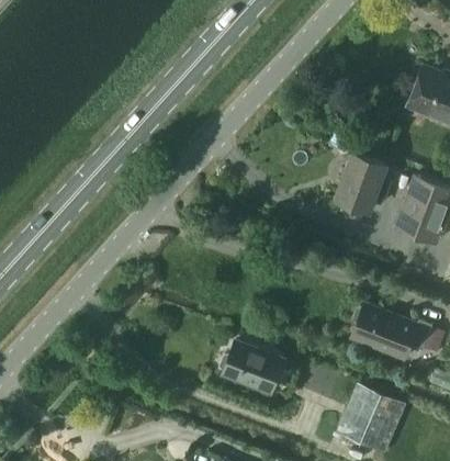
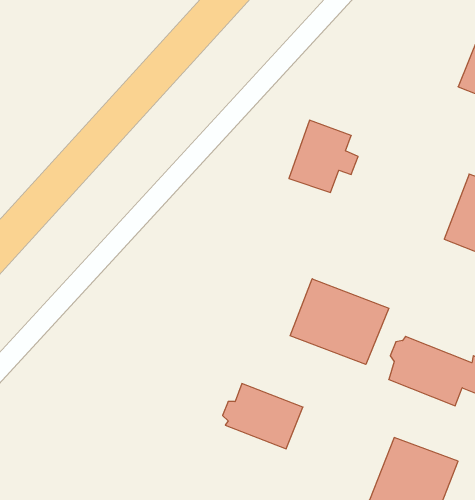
building: [337,154,392,211] -> [289,120,358,192]
building: none -> [290,279,389,364]

